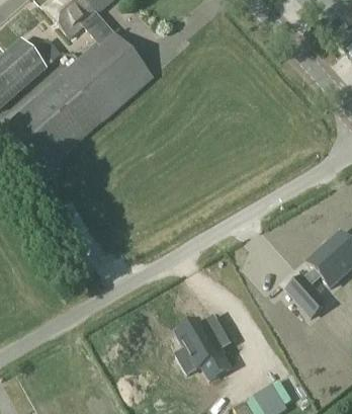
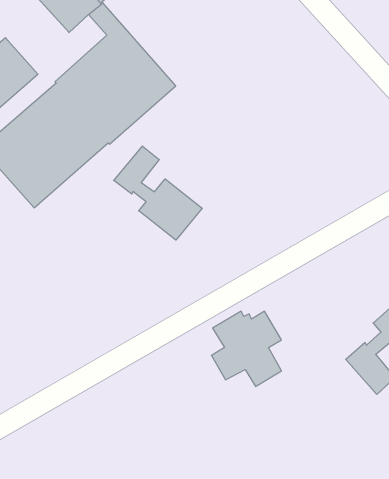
building: none -> [114,146,202,240]
building: [176,318,231,377] -> [211,311,281,386]

